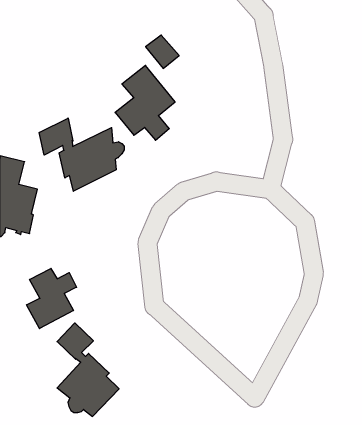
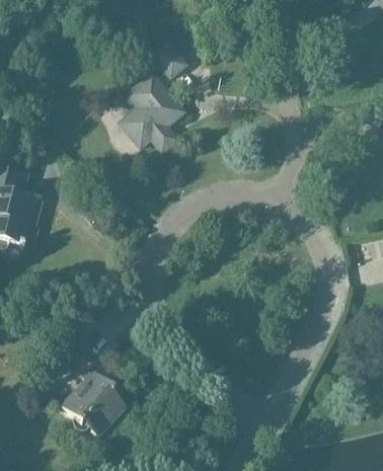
building: [39,118,124,191] -> none
building: [27,268,77,329] -> none

